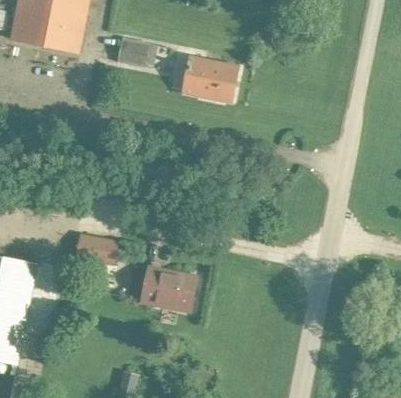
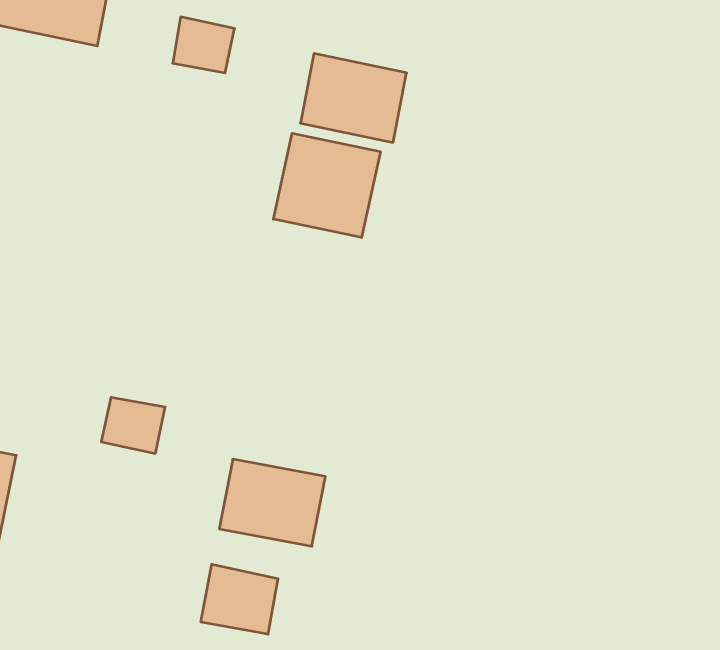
building: none -> [273,133,380,238]
building: none -> [201,564,278,634]

